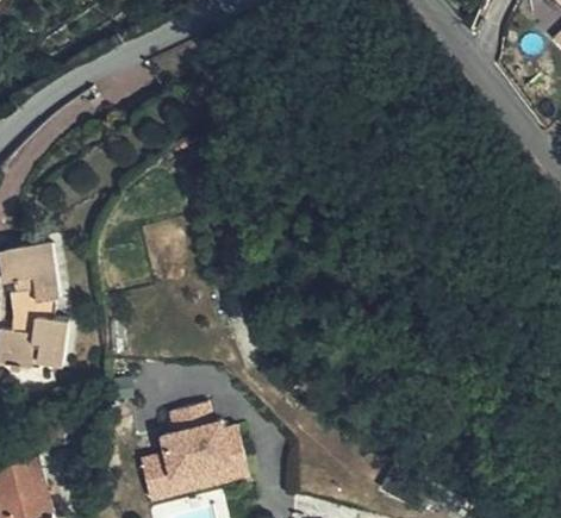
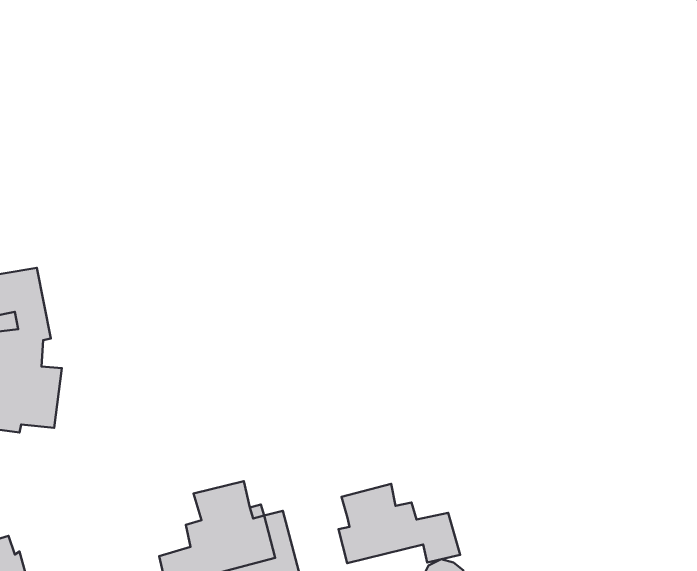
building: none -> [339,484,460,563]

